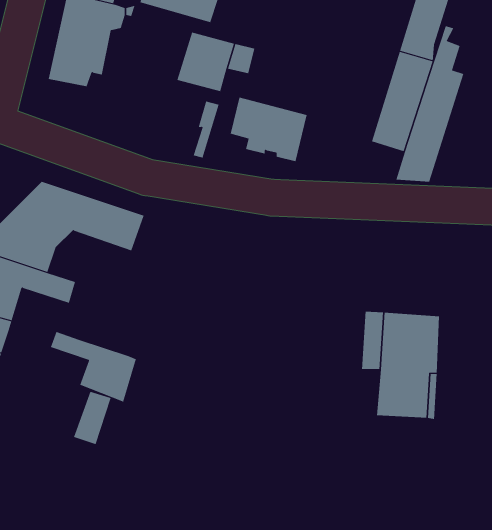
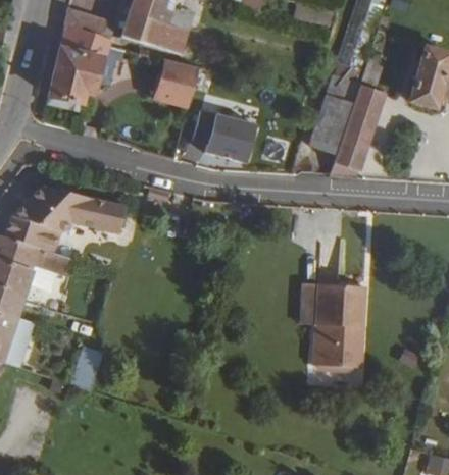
building: [50,331,137,402] -> none

